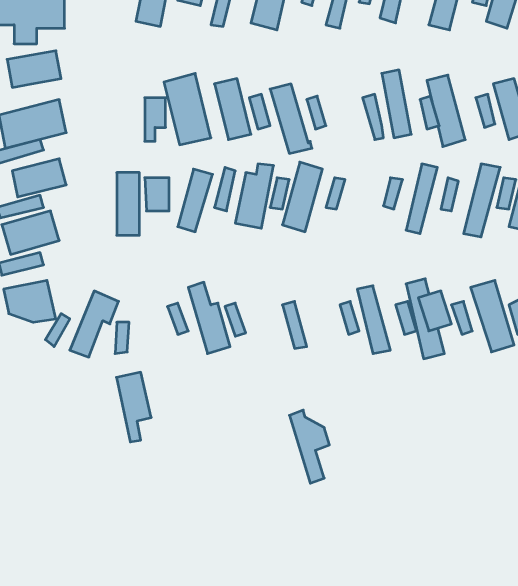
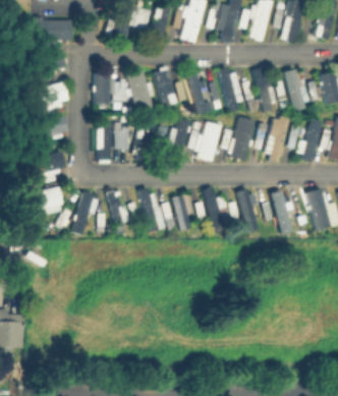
building: none -> [94,69,110,107]
building: none -> [221,71,243,112]
building: none -> [229,114,253,158]
building: none -> [174,197,193,231]
building: [116,372,151,442] -> [109,193,129,234]
building: [289,410,329,483] -> [205,189,228,232]

